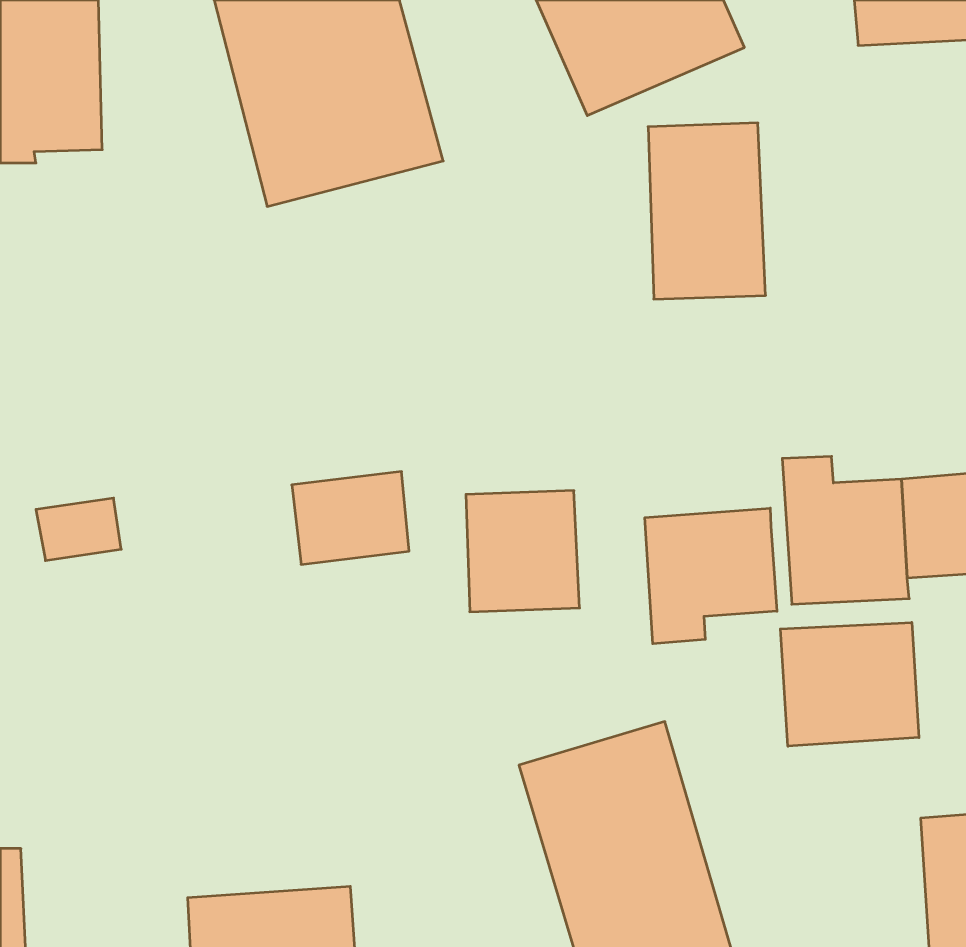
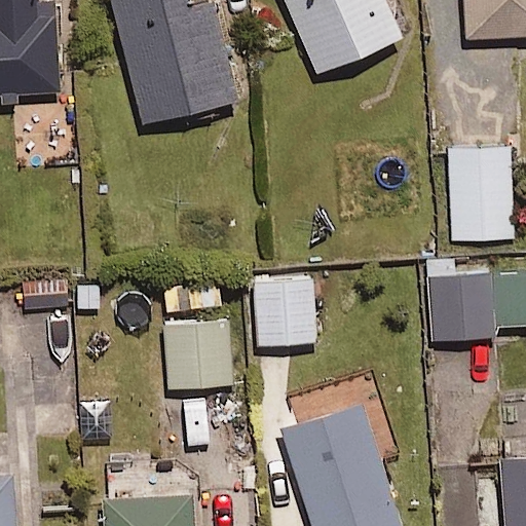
building: [648,123,766,299] -> [449,147,513,242]
building: [645,508,777,644] -> none
building: none -> [162,318,232,386]
building: [780,622,919,746] -> none

